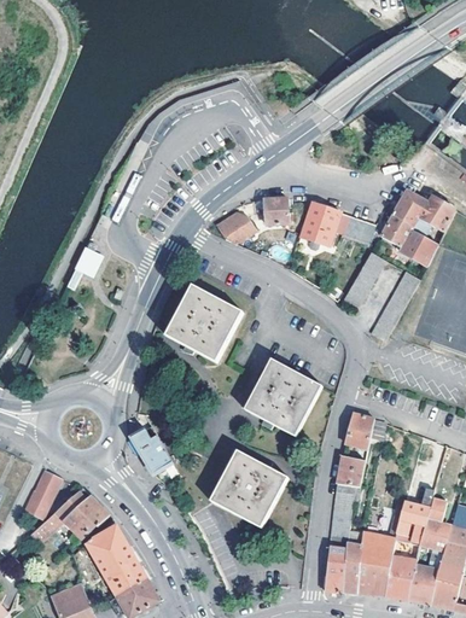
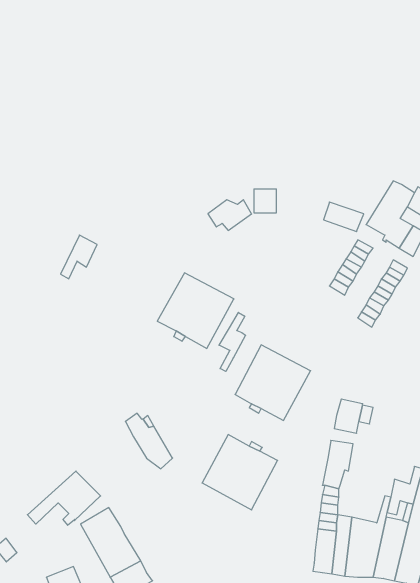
building: [302,203,342,246] -> none
building: none -> [219,312,246,371]
building: [24,470,62,518] -> none

